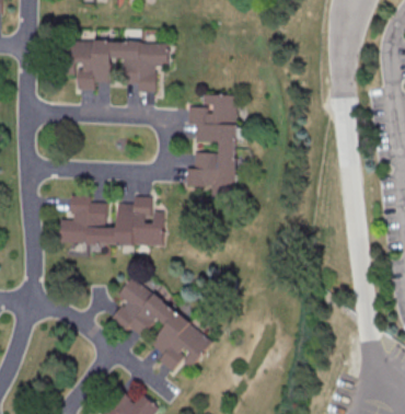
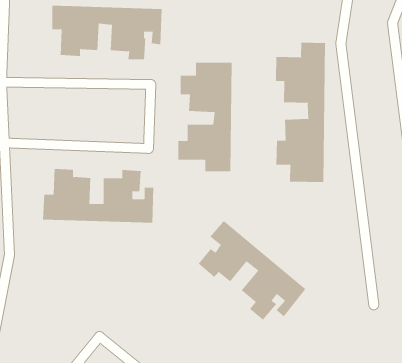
building: none -> [275,42,325,183]
building: [108,277,210,371] -> [198,220,306,321]

